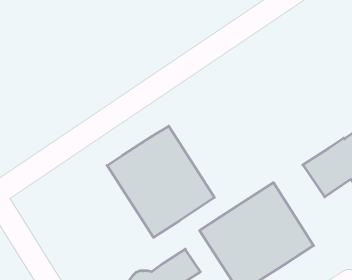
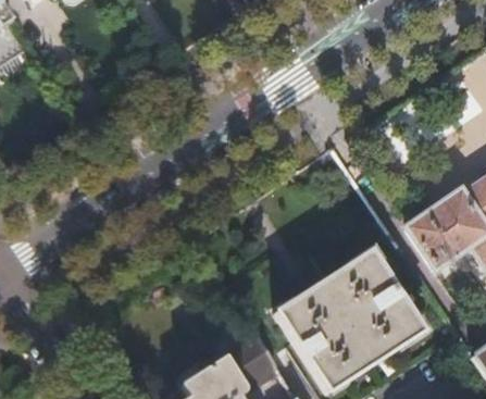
building: [107,126,214,237] -> none

